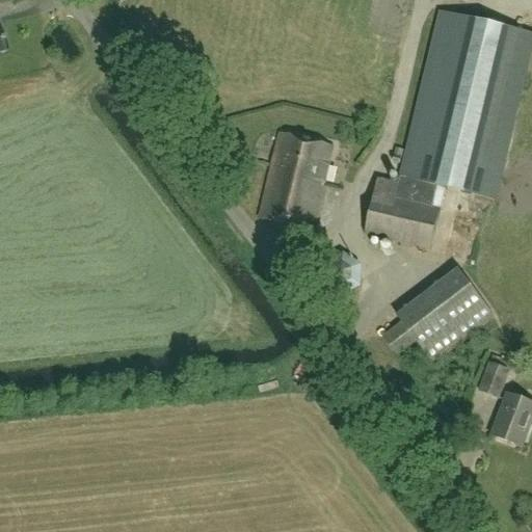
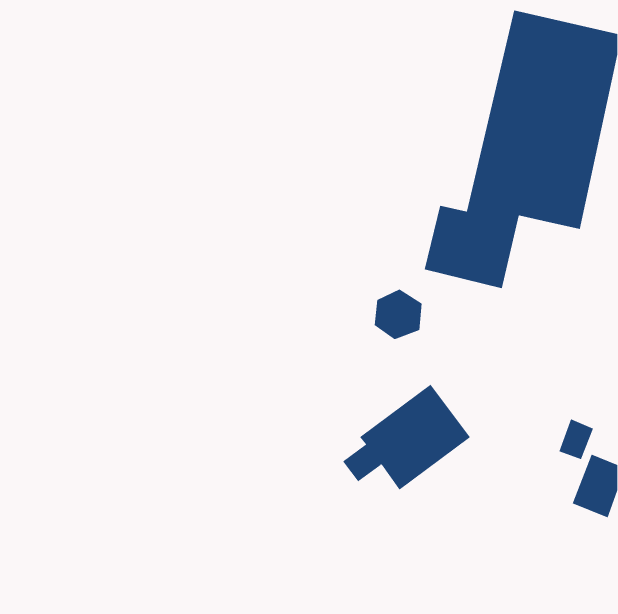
building: [257,128,335,230] -> none
building: [382,267,493,358] -> [342,384,471,491]

